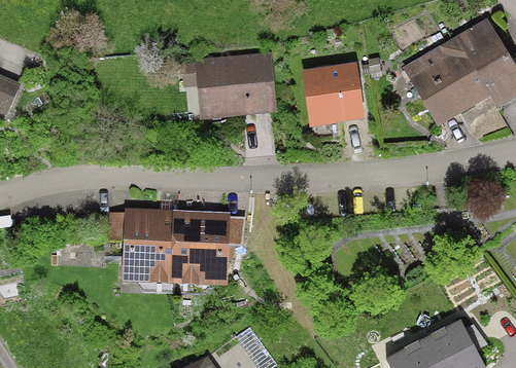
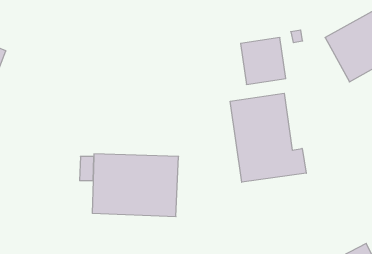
building: [201,57,272,115] -> none
building: none -> [230,93,306,182]

